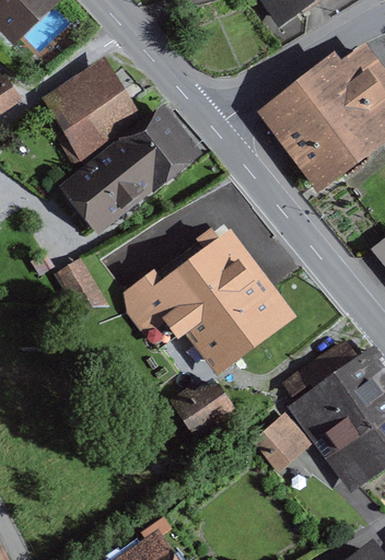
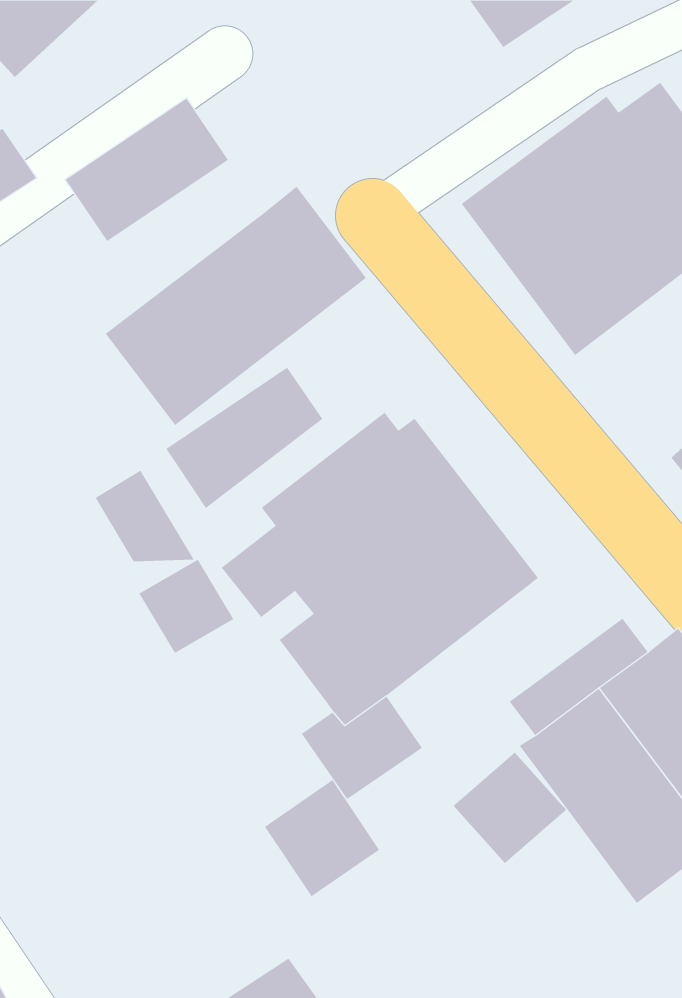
building: [60,88,147,165] -> [165,367,323,509]
building: none -> [139,559,234,654]
building: none -> [264,779,380,897]

